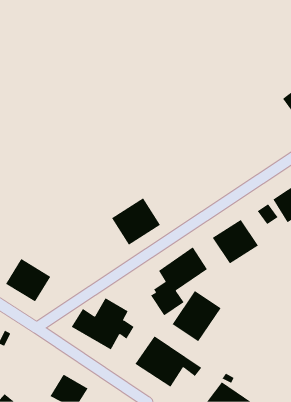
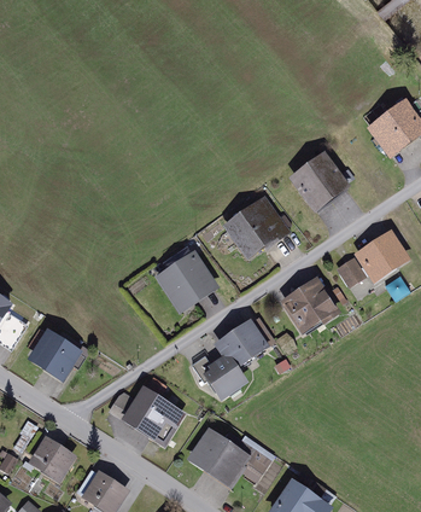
building: none -> [292,153,353,215]
building: none -> [223,199,286,260]
building: [172,290,221,342] -> none
building: none -> [29,436,77,482]

